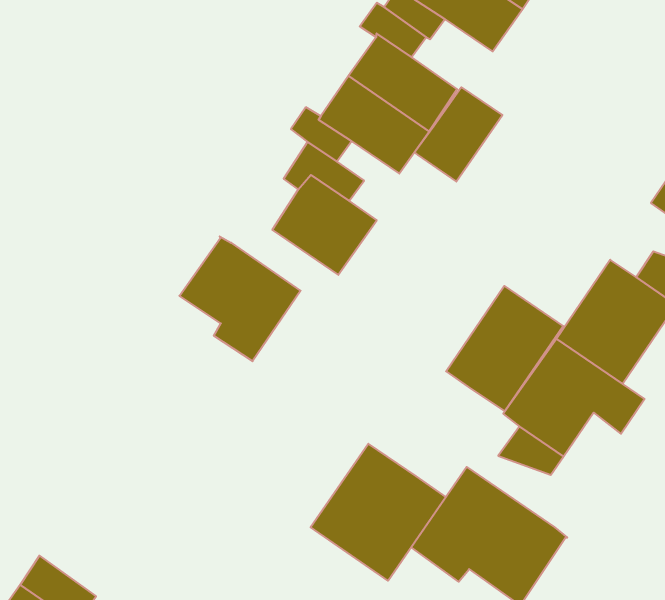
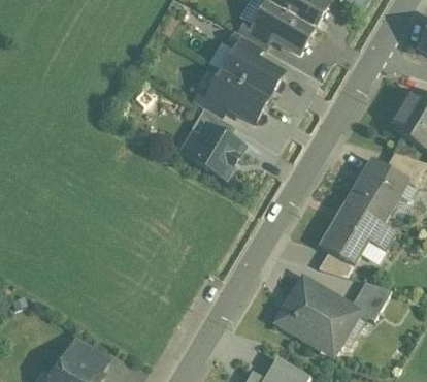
building: [414,87,502,182] -> none
building: [179,236,301,361] -> none
building: [446,286,563,411] -> none
building: [311,444,446,581] -> none
building: none -> [351,282,391,319]

